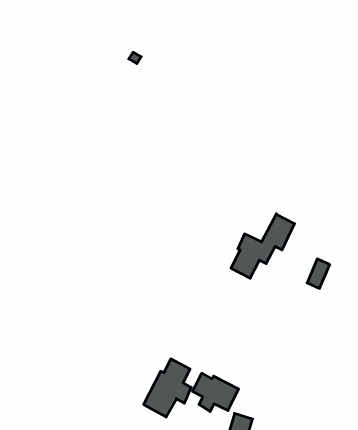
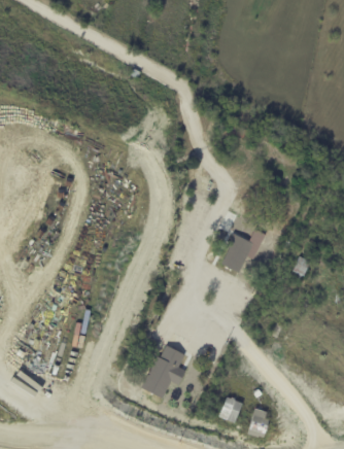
building: [193,373,239,412] -> none

